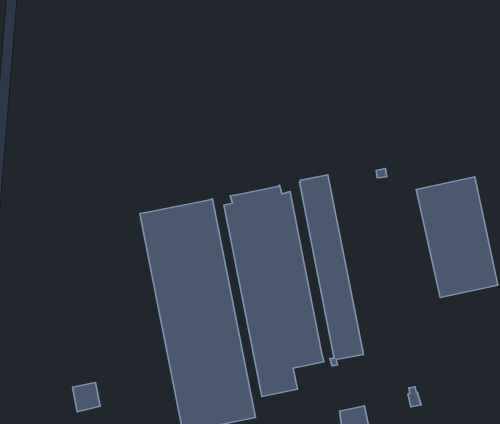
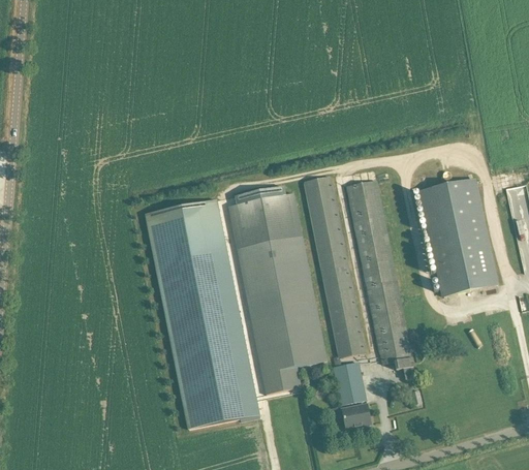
building: none -> [345,179,415,378]
building: none -> [334,362,366,404]
building: [72,383,100,412] -> none

